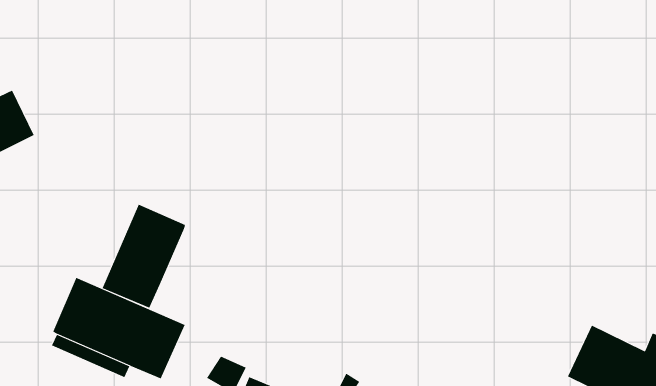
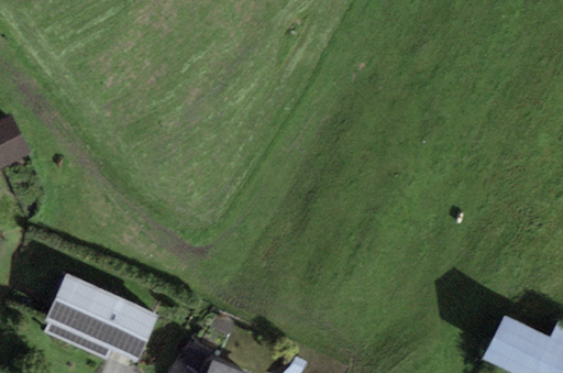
building: [102,204,186,309] -> none

